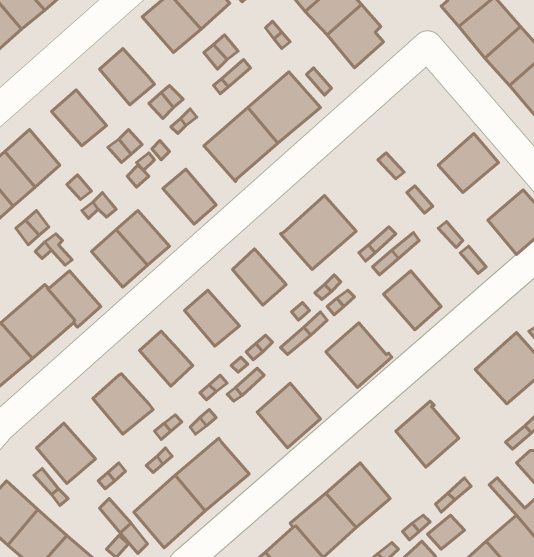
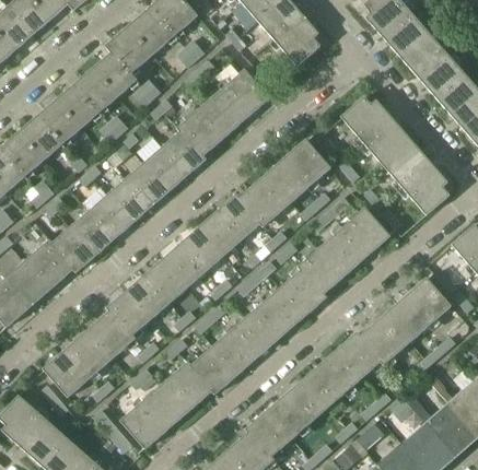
building: none -> [104,26,152,73]
building: none -> [74,68,117,113]
building: none -> [340,97,392,144]
building: none -> [37,102,79,144]
building: none -> [162,132,206,176]
building: none -> [272,140,330,197]
building: none -> [383,142,431,188]
building: none -> [124,163,168,209]
building: none -> [217,195,259,239]
building: none -> [341,208,389,257]
building: none -> [69,213,112,257]
building: none -> [179,227,223,272]
building: none -> [296,247,345,295]
building: none -> [142,260,185,304]
building: none -> [106,292,150,334]
building: none -> [245,293,299,346]
building: none -> [358,307,418,365]
building: none -> [65,330,112,378]
building: none -> [190,341,243,395]
building: none -> [301,356,353,410]

